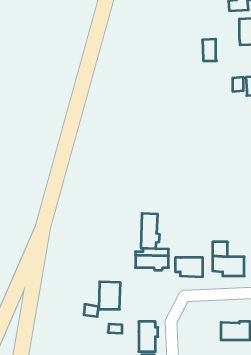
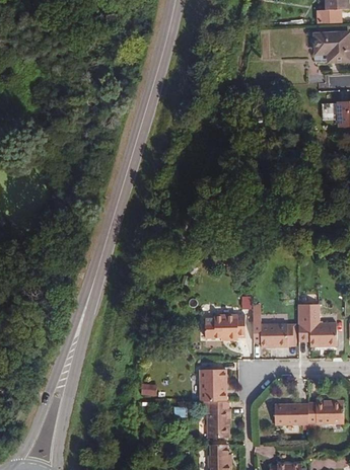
building: [202,39,217,61] -> [313,32,331,59]
building: [141,213,159,249] -> none
building: [99,282,120,309] -> [200,368,226,401]
building: none -> [274,404,307,423]

